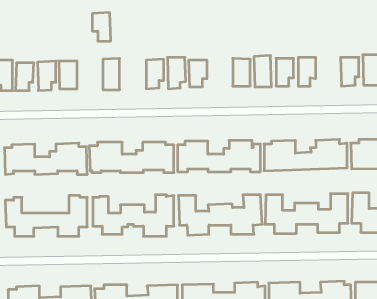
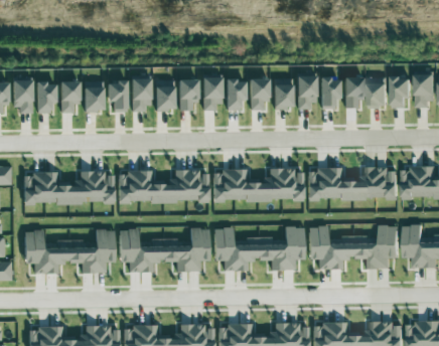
building: [92,13,111,41] -> [108,80,128,112]
building: none -> [369,76,389,107]
building: none -> [250,77,270,110]
building: none -> [155,79,174,110]

